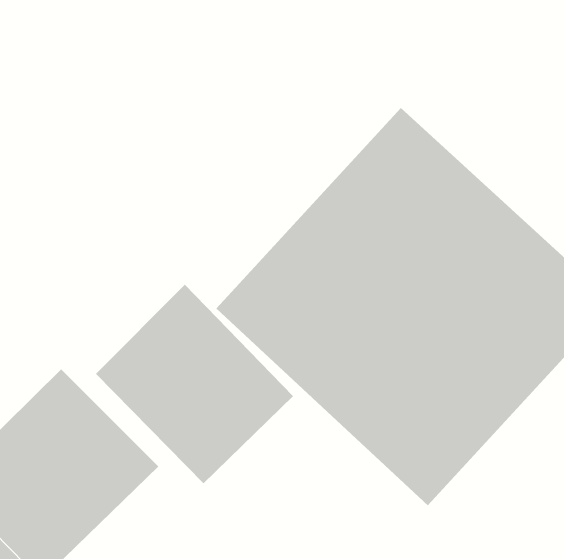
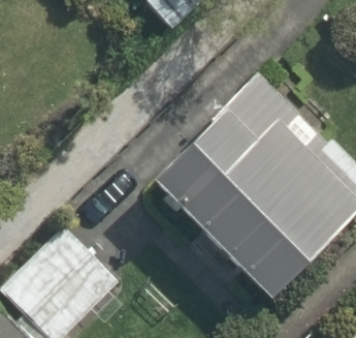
building: [95,284,294,484] -> none

